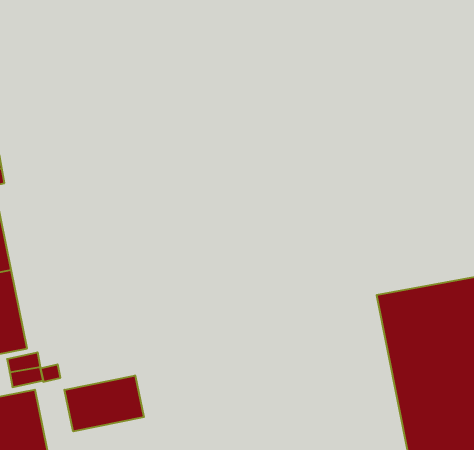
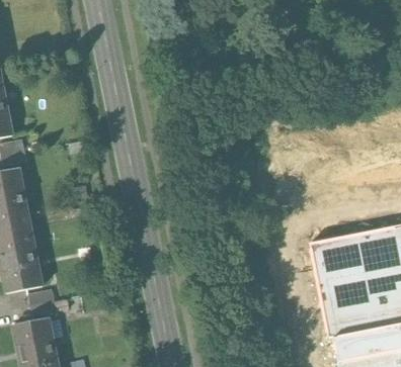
building: [64,375,144,431] -> none

